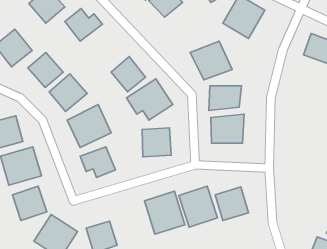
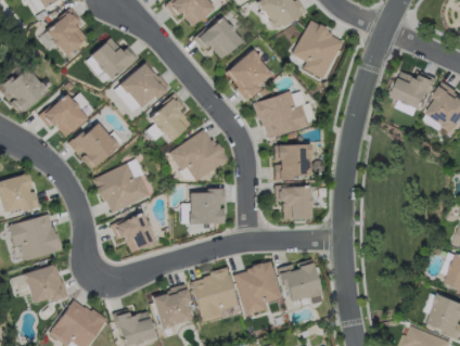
building: none -> [223,39,267,86]
building: none -> [118,61,168,112]
building: none -> [153,289,195,330]

